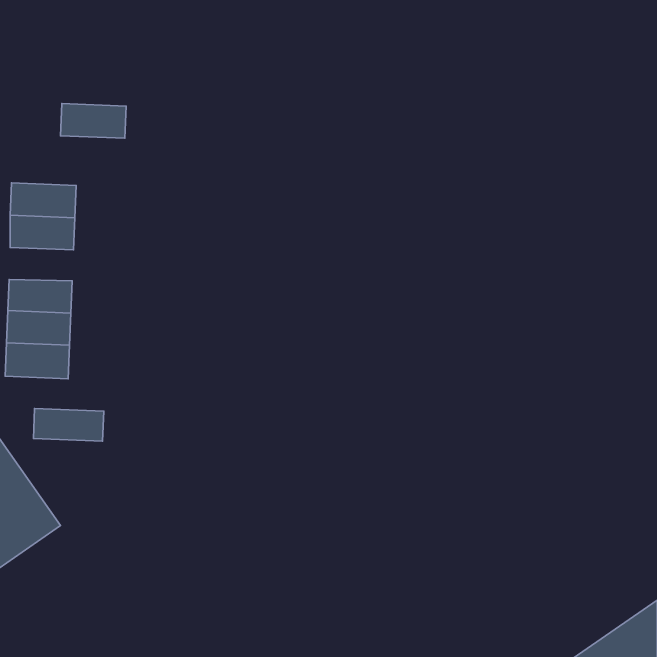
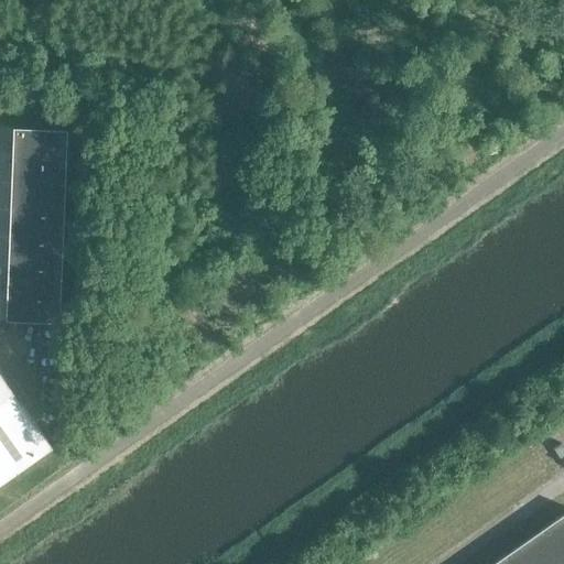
building: [61,104,126,138] -> [10,130,66,160]
building: none -> [8,213,63,241]
building: [33,408,104,441] -> none

